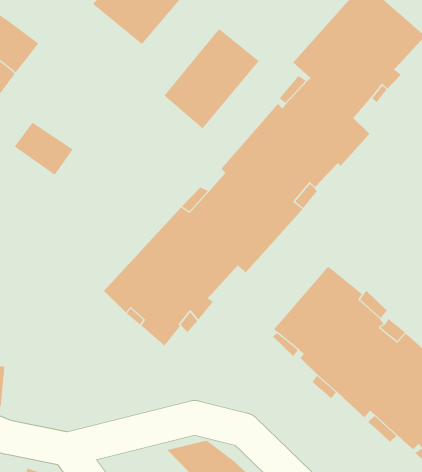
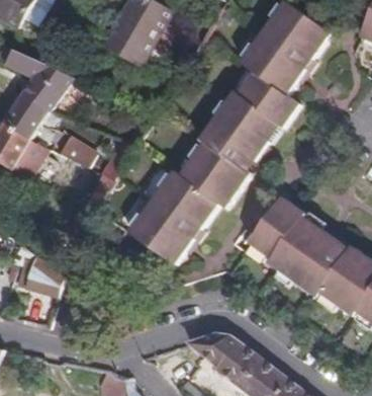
building: [163,28,259,129] -> none

